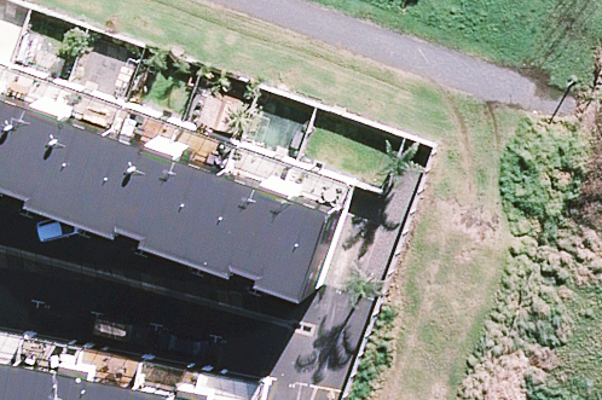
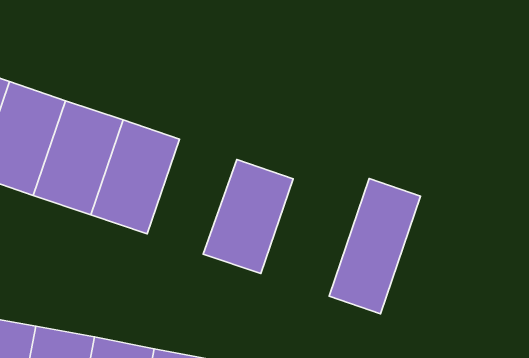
building: [193,175,284,291] -> none
building: none -> [329,179,421,314]

